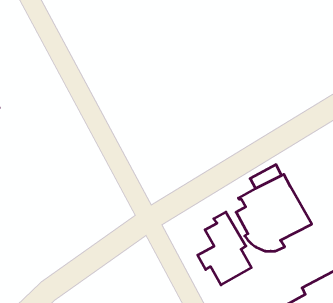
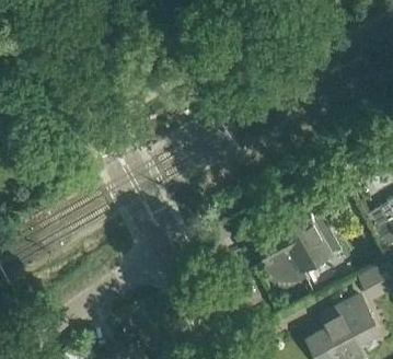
building: [198,212,251,285] -> none

